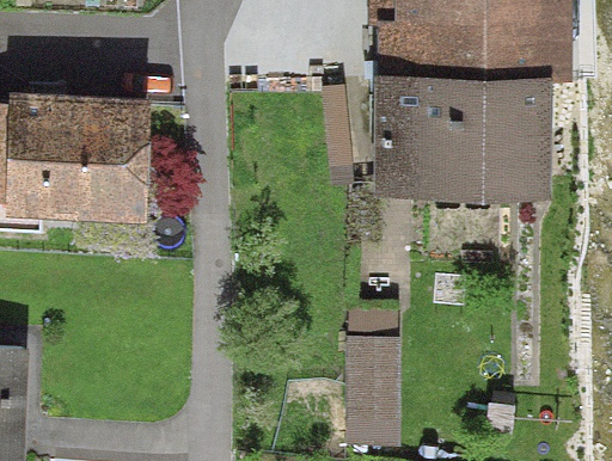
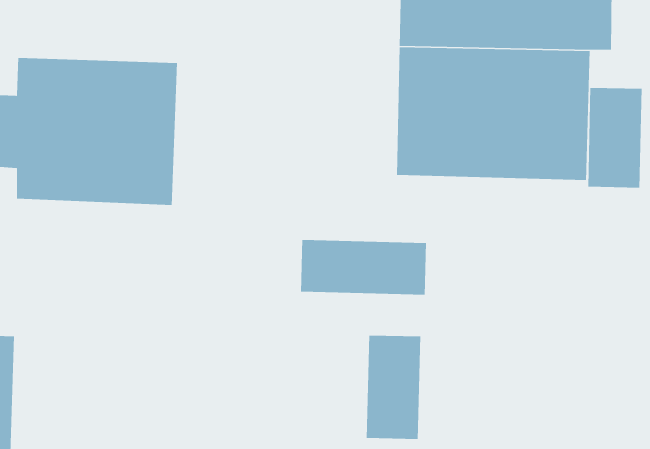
building: none -> [587,87,642,188]
building: none -> [300,239,427,295]

